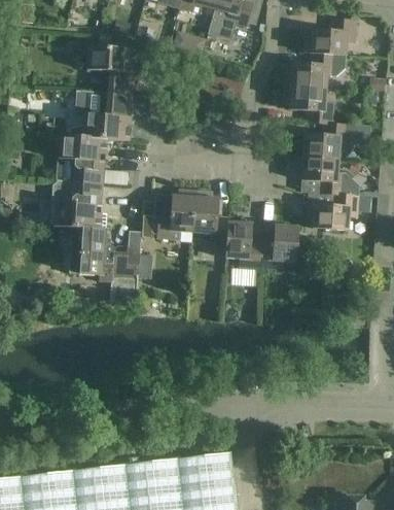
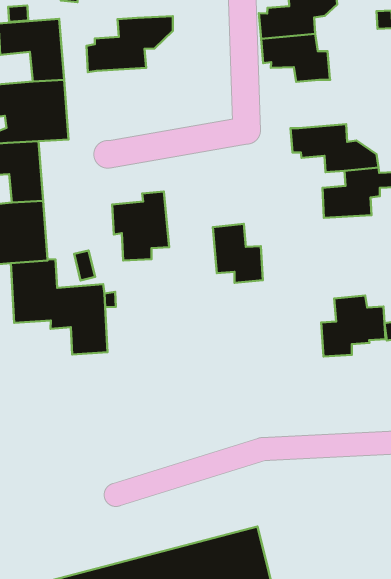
building: none -> [86,16,173,72]
building: [303,124,350,160] -> none
building: [193,191,229,243] -> none
building: [260,226,311,270] -> [321,295,385,356]

